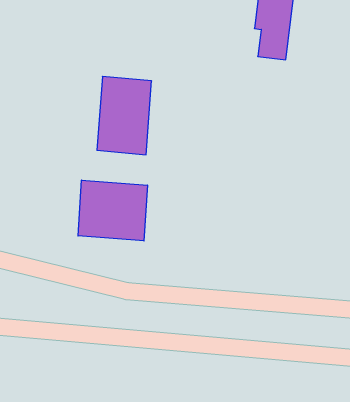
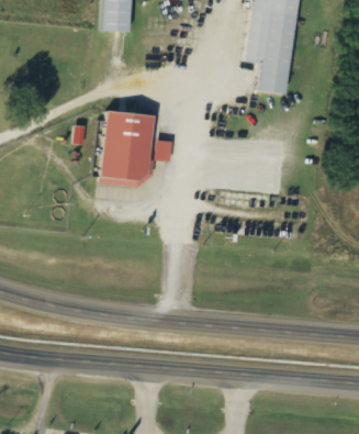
building: [78,180,147,241] -> none

